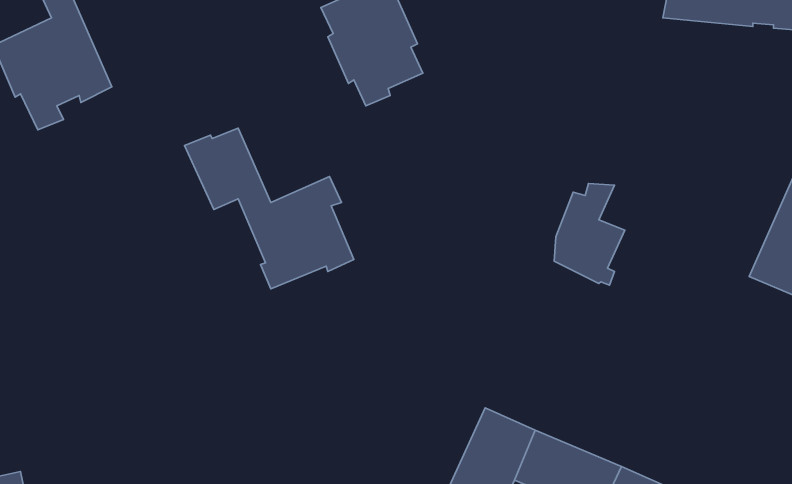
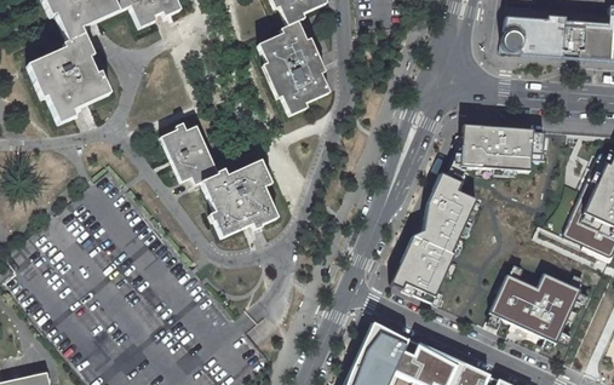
building: none -> [449,127,536,174]
building: none -> [388,220,453,301]
building: none -> [490,272,580,343]

